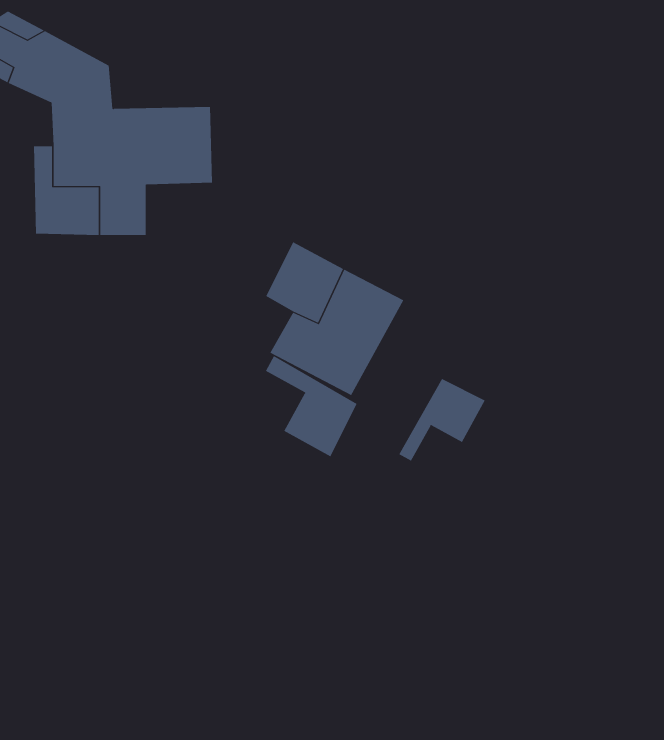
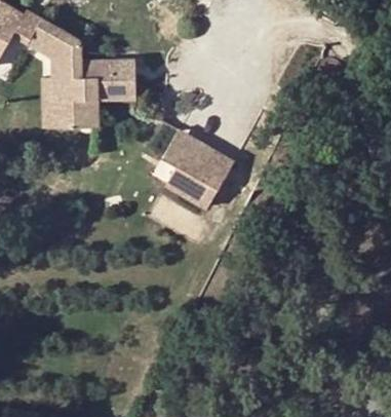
building: [265,355,358,457] -> none
building: [398,378,486,462] -> none

